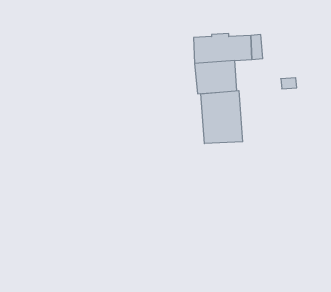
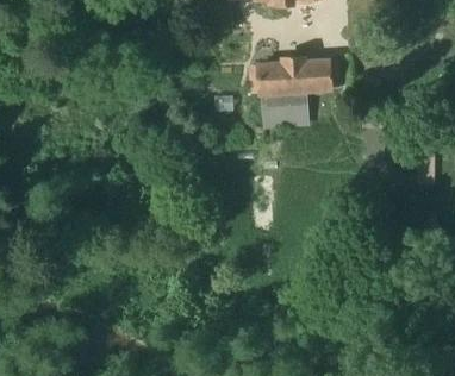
building: [201,91,243,144] -> none

